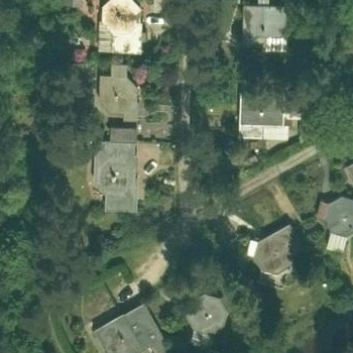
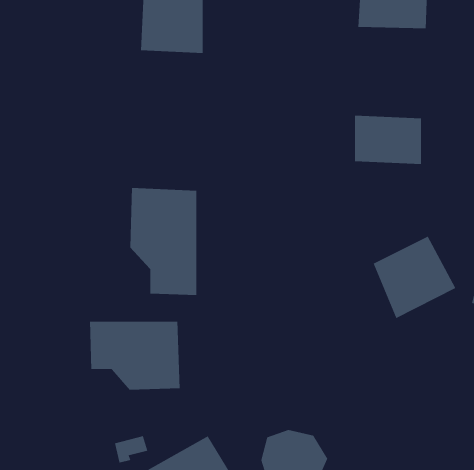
building: [101,63,138,120] -> none
building: [255,223,310,277] -> [373,236,456,319]
building: none -> [89,321,180,390]

